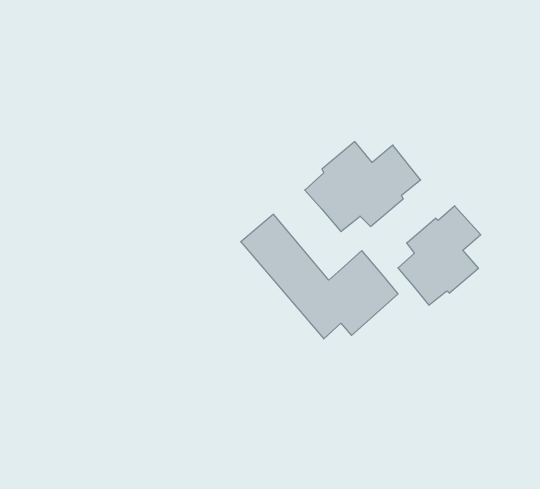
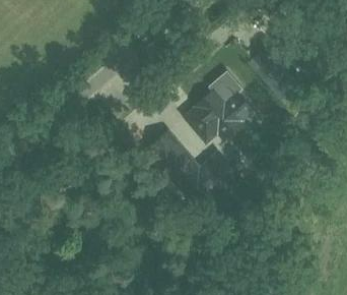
building: [398,206,481,305] -> none

